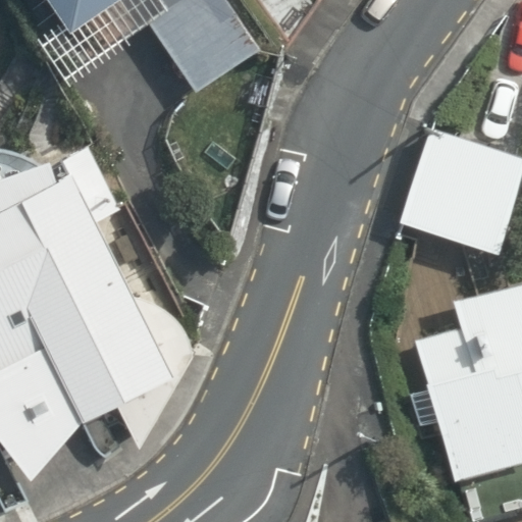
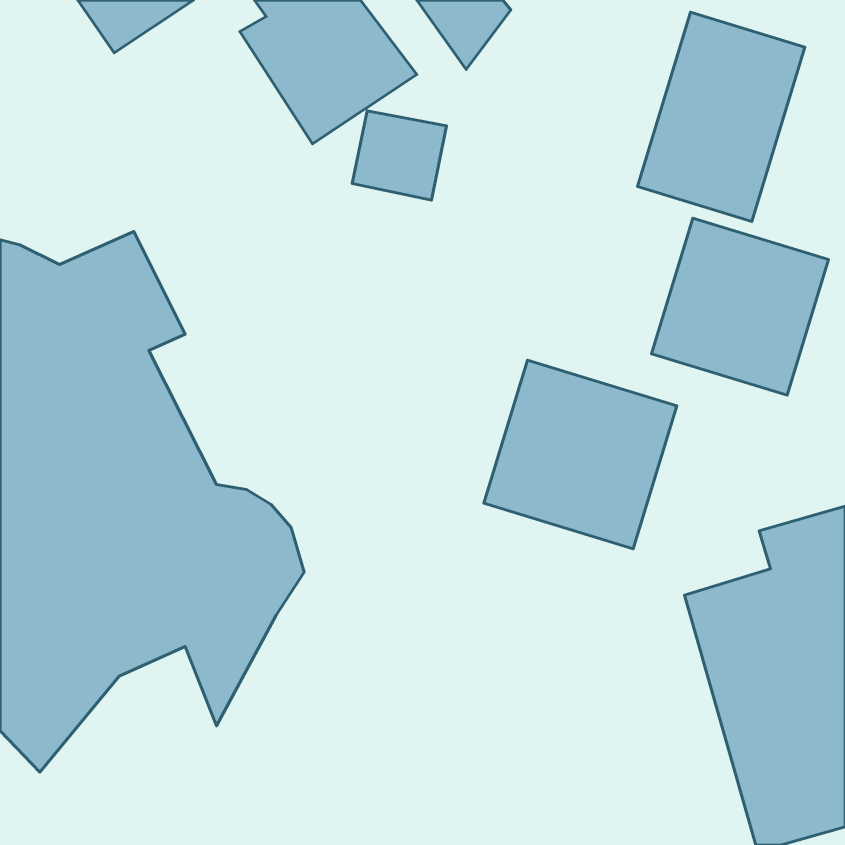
building: none -> [637,12,805,222]
building: none -> [484,360,677,549]

